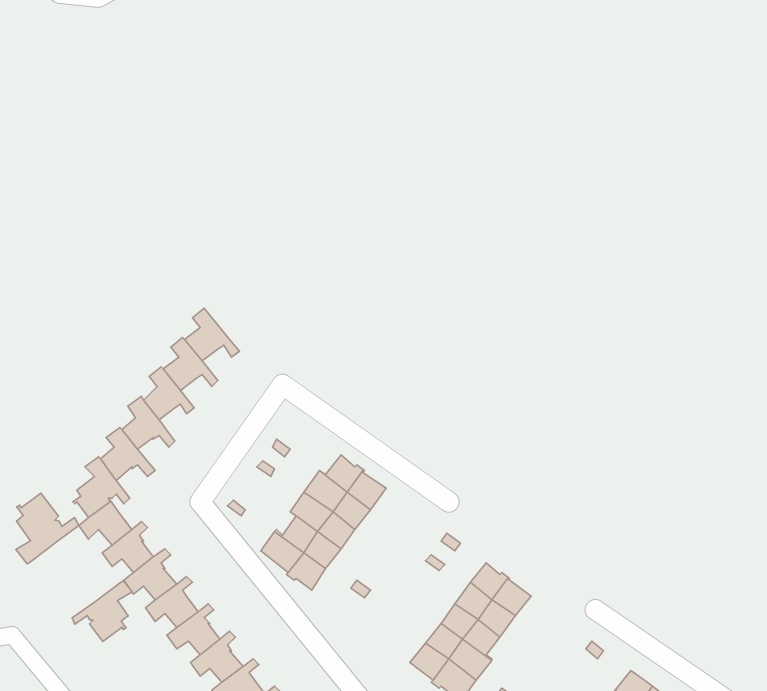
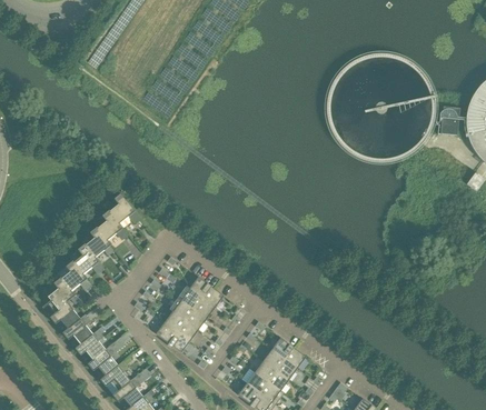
building: [16,493,79,564] -> none
building: [72,581,132,641] -> none

